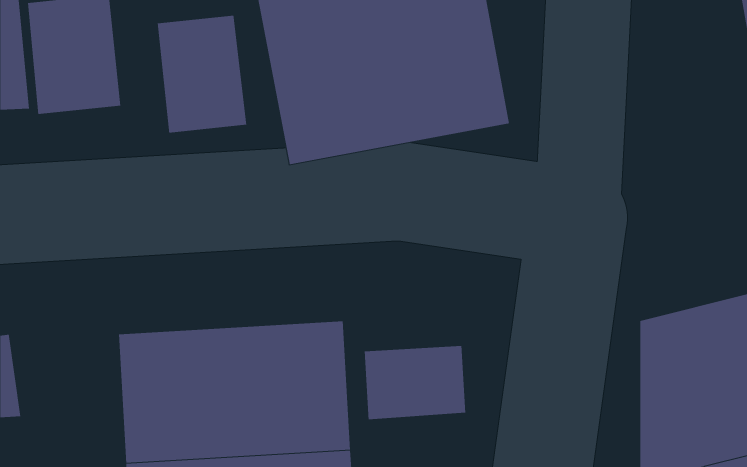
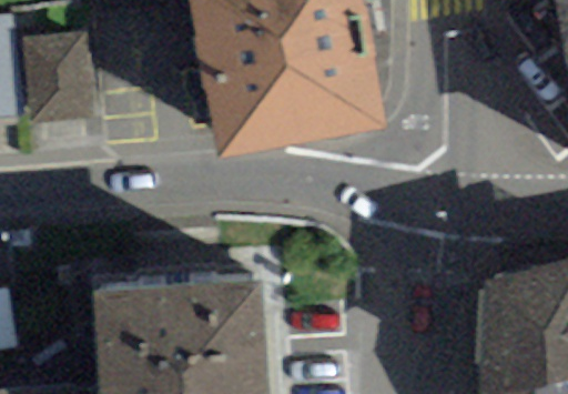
building: [157,15,247,133] -> none
building: [364,345,466,420] -> none

